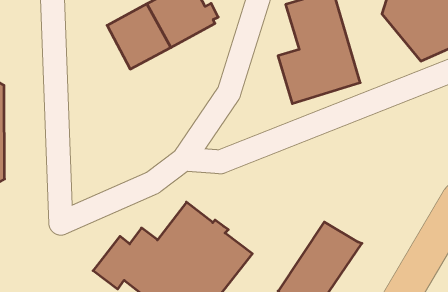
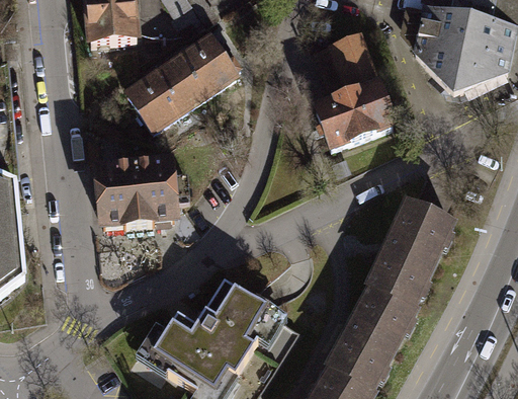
building: none -> [87,148,188,229]
building: none -> [371,197,452,301]

